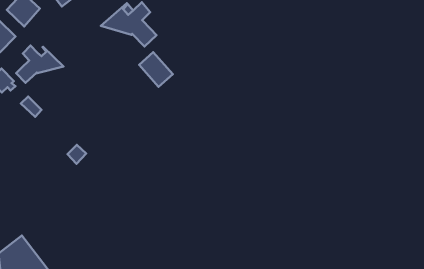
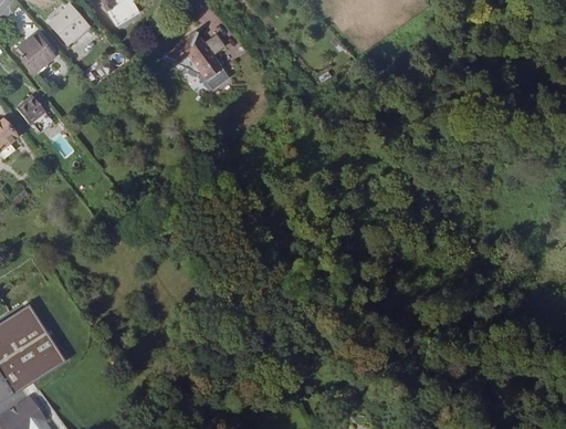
building: [16,45,64,83] -> none
building: [139,52,173,87] -> none

